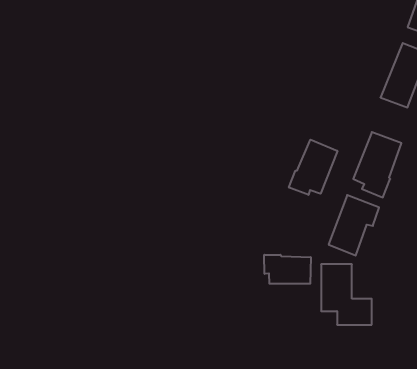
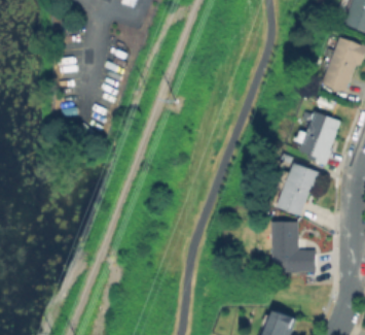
building: [289,140,337,195] -> none
building: [264,255,311,284] -> none

